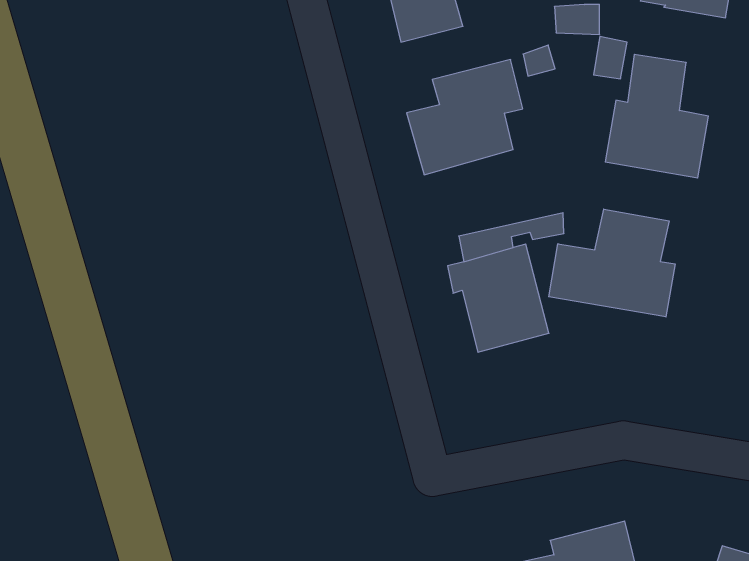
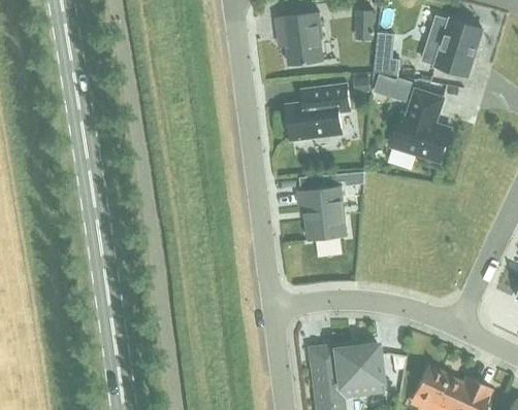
building: [549,209,675,317] -> none

